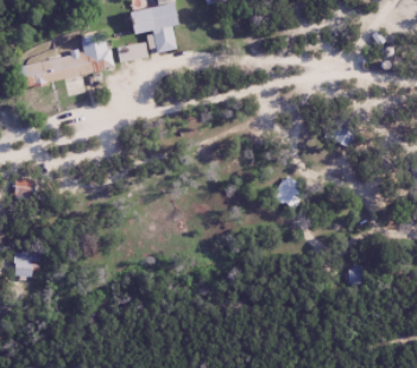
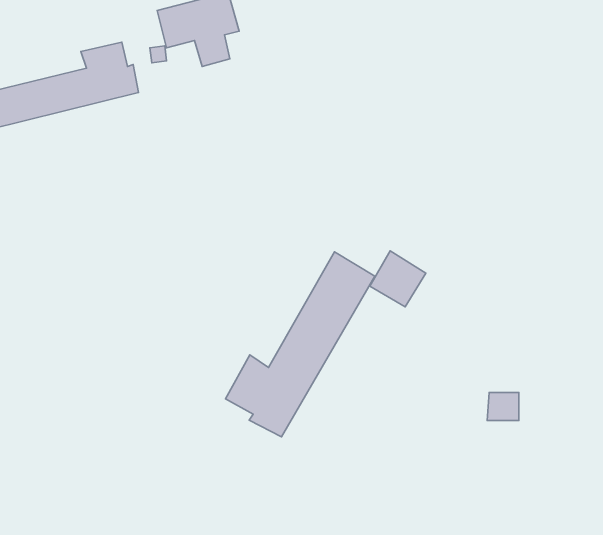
building: none -> [226,252,375,437]

